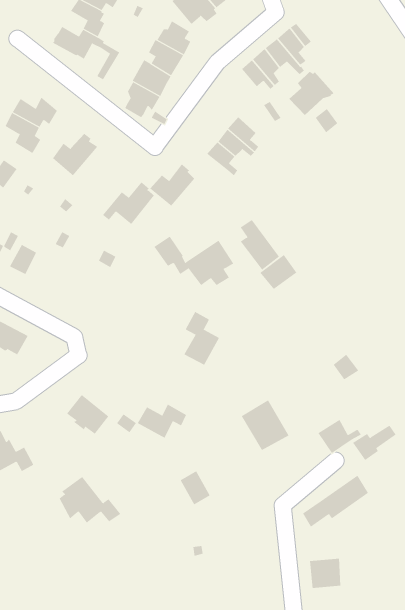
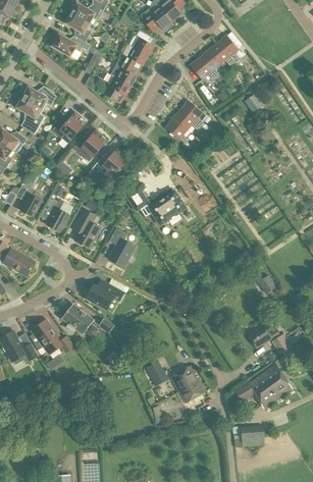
building: [289,71,335,116] -> none
building: [149,164,195,207] -> [71,129,105,161]
building: none -> [46,199,72,230]
building: [259,254,297,290] -> none
building: none -> [71,208,100,248]
building: [184,311,220,365] -> [107,227,134,267]
building: [241,400,289,451] -> [169,364,205,401]
building: [137,404,187,439] -> [86,283,122,309]
building: [59,476,121,523] -> [29,319,74,354]
building: none -> [256,376,292,408]

